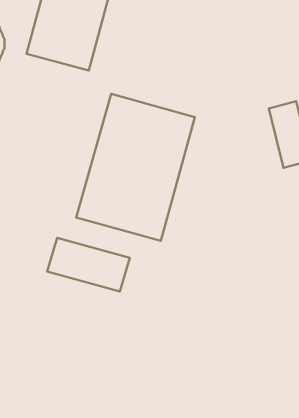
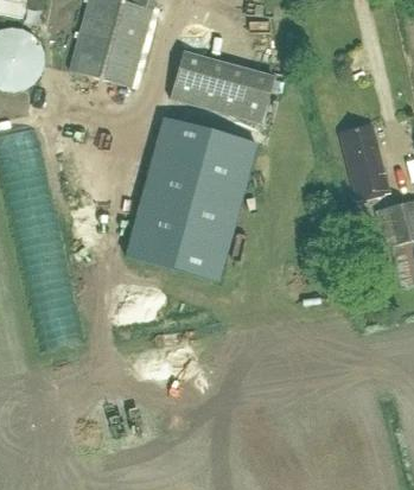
building: none -> [170,51,274,122]
building: [47,238,130,292] -> none

